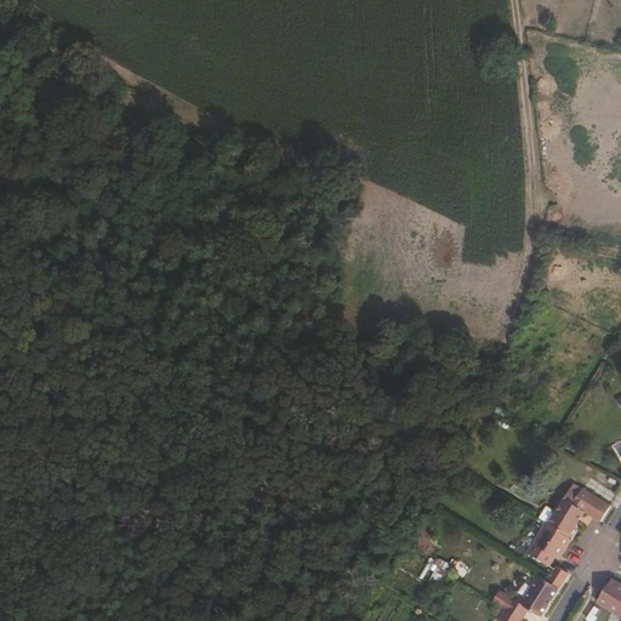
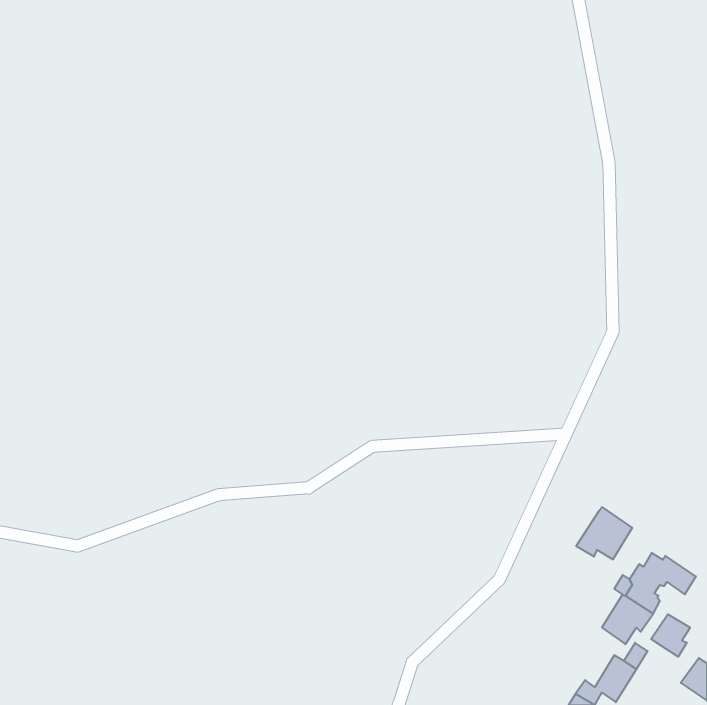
building: none -> [576,507,632,560]
building: none -> [651,614,690,657]

